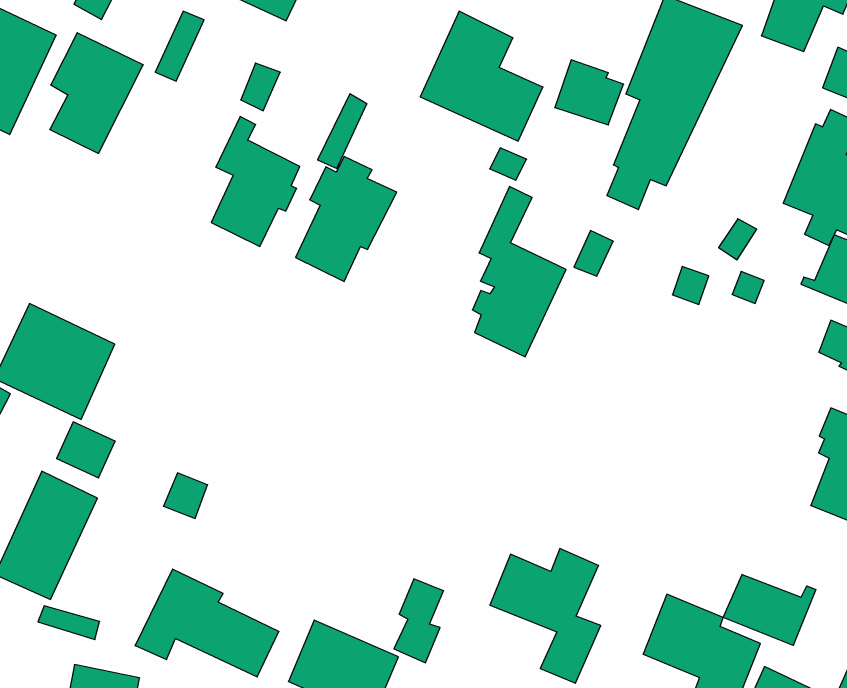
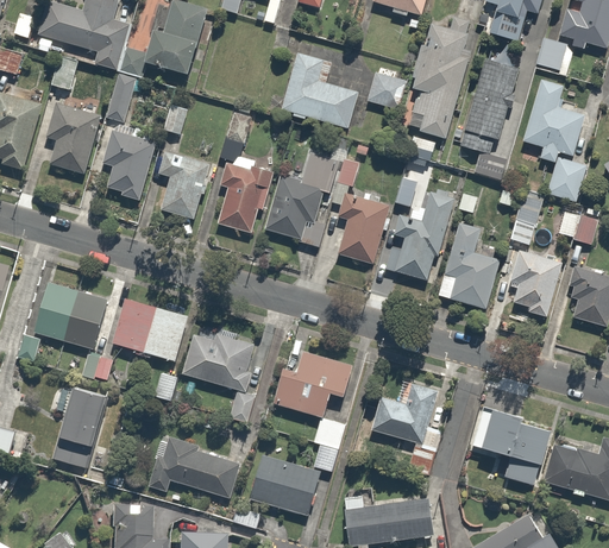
building: none -> [456,61,515,159]
building: none -> [99,125,158,201]
building: none -> [262,153,339,250]
building: none -> [383,191,456,285]
building: none -> [509,191,542,246]
building: none -> [439,225,503,311]
building: none -> [113,295,190,360]
building: none -> [507,251,561,320]
building: none -> [182,333,259,423]
building: none -> [274,349,354,416]
building: [723,574,816,645] -> none

